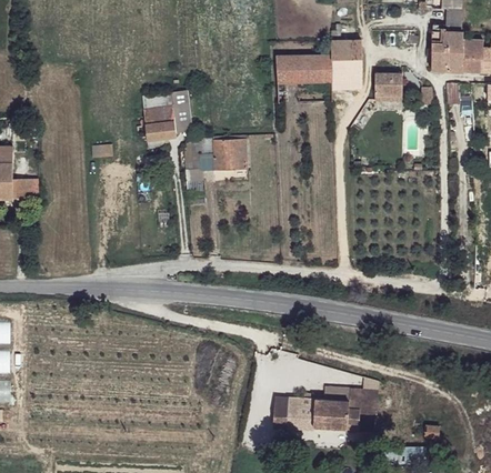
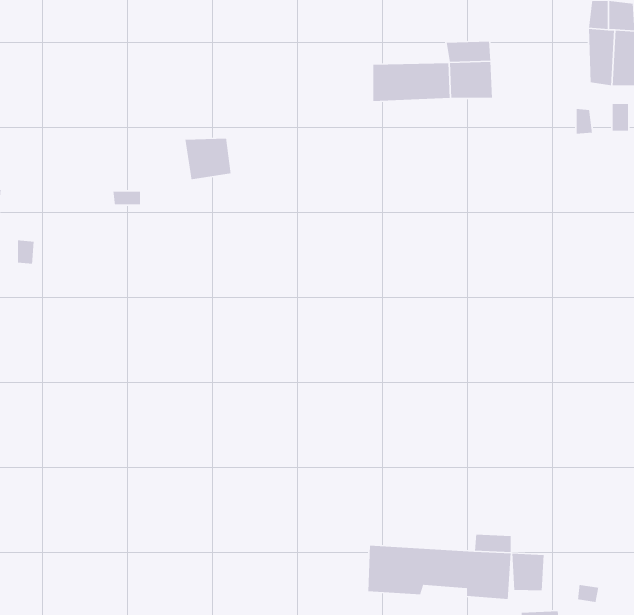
building: [370,71,402,99] -> none
building: [214,138,247,169] -> none
building: none -> [512,553,545,591]

